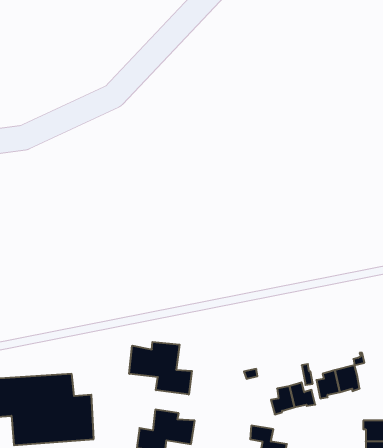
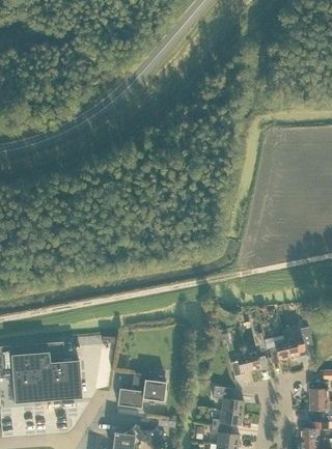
building: [129,342,192,395] -> none

